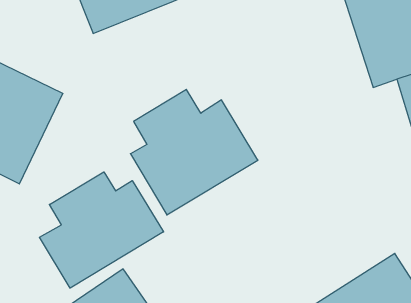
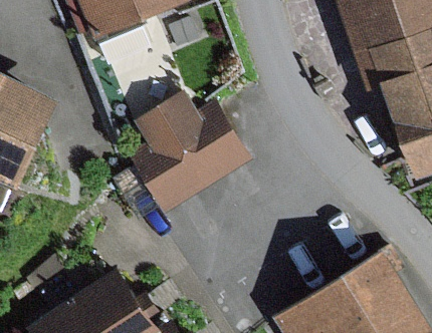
building: [39,172,164,288] -> none

